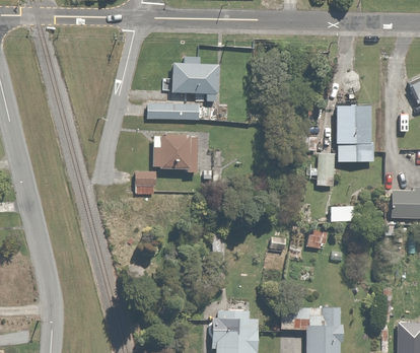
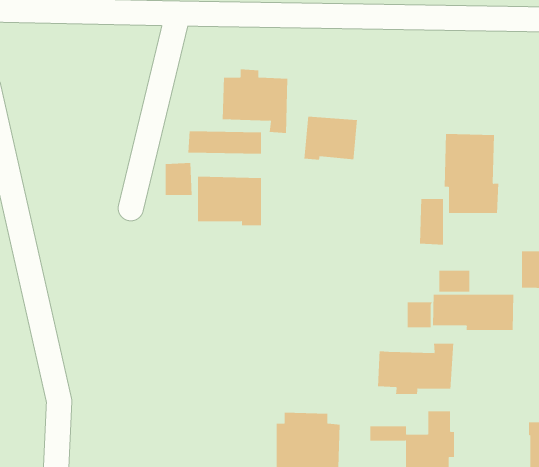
building: none -> [304,116,357,161]
building: [135,168,155,193] -> [165,163,193,196]
building: none -> [432,294,514,331]
building: none -> [377,343,454,395]

